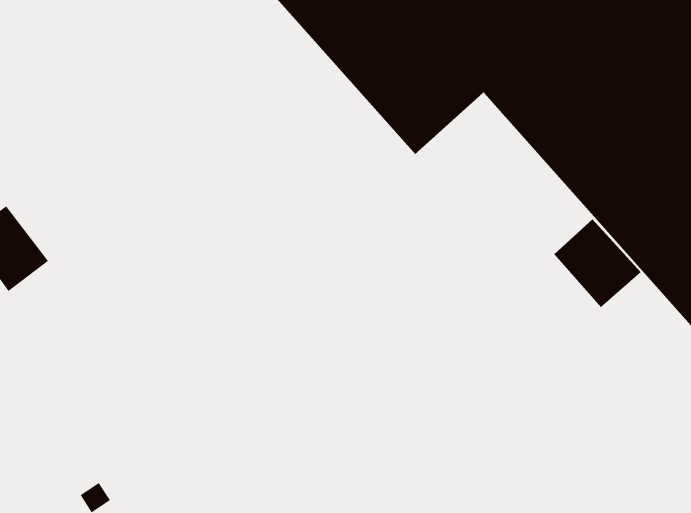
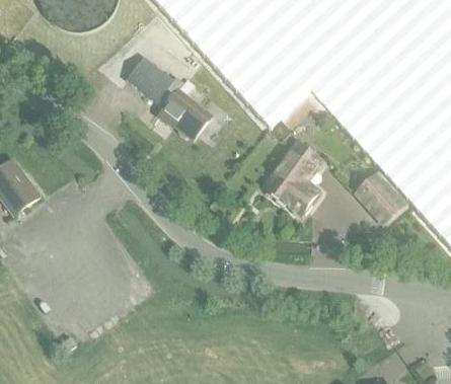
building: none -> [127,56,213,139]
building: none -> [264,142,322,214]

